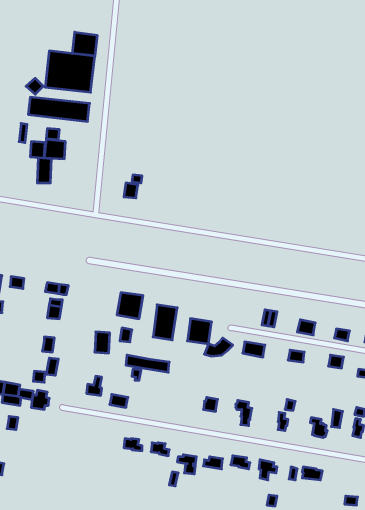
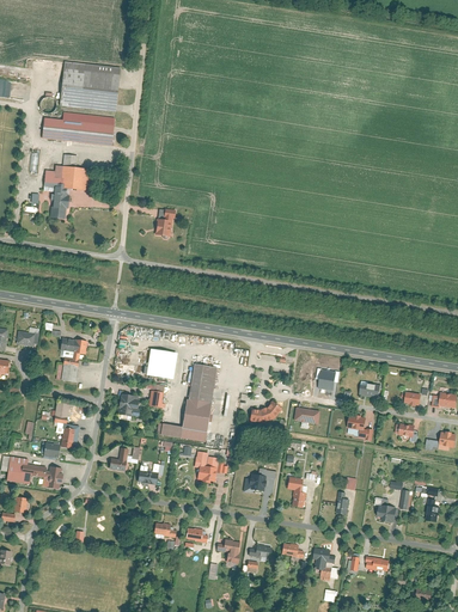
building: [72,32,97,56] -> none
building: [187,319,212,344] -> [182,400,210,430]
building: none -> [193,449,225,483]

